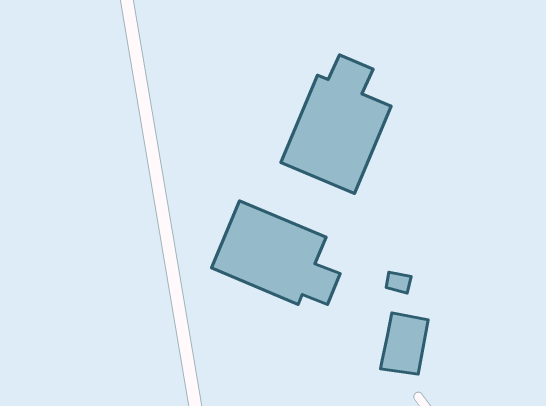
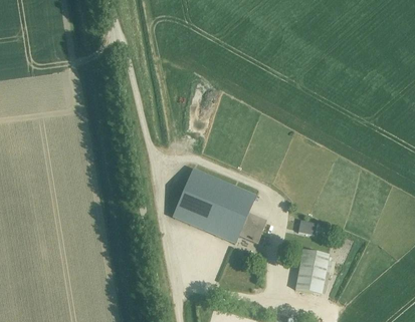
building: [281,55,391,193] -> none

